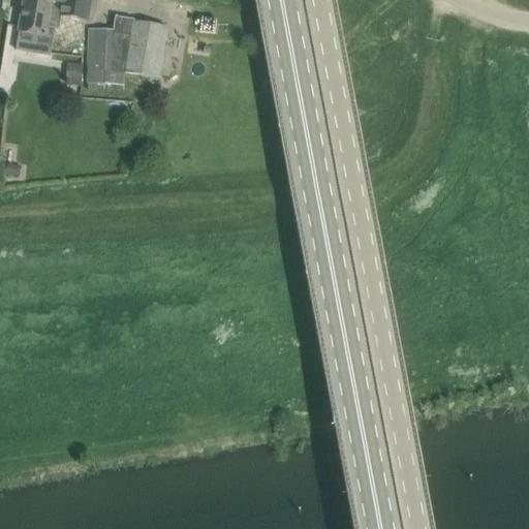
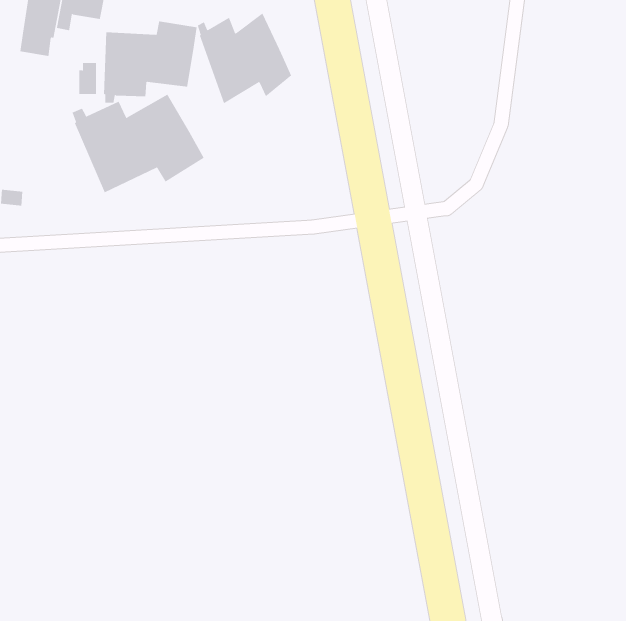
building: none -> [197,12,292,104]
building: none -> [72,94,204,193]

